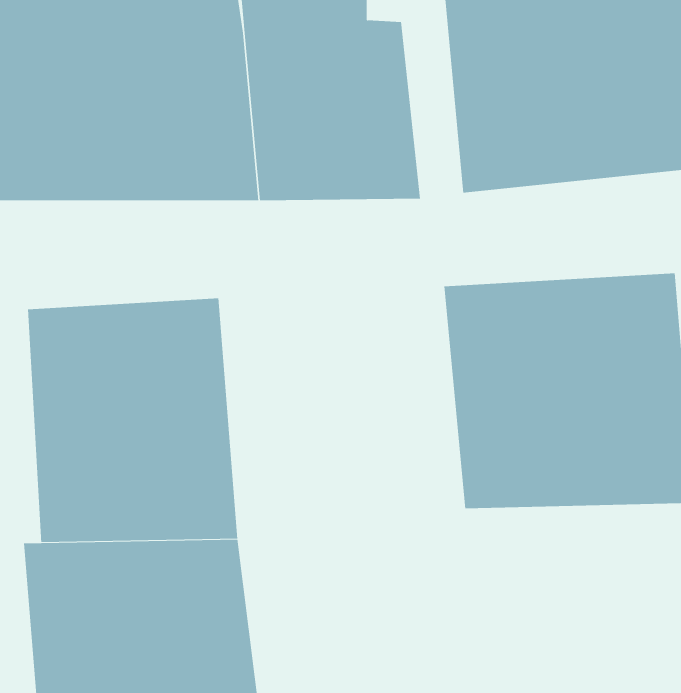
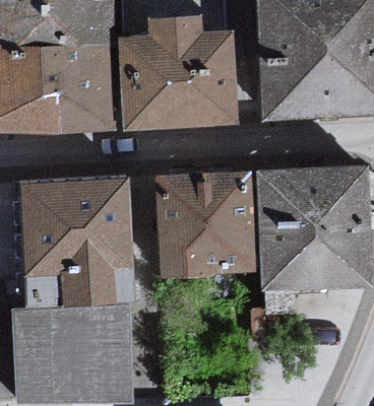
building: none -> [146,172,243,277]

